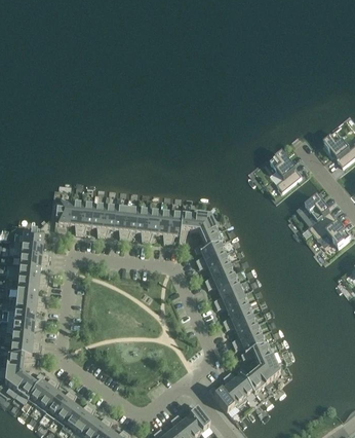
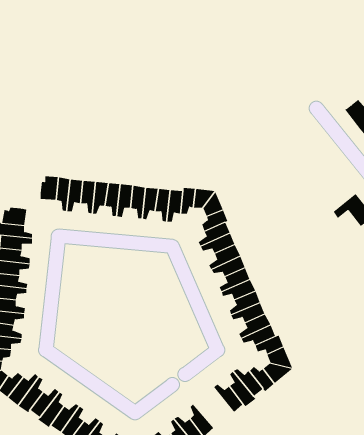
building: [270,152,301,191] -> none
building: [305,196,333,233] -> none

